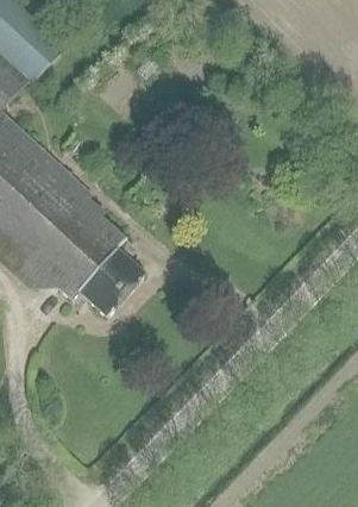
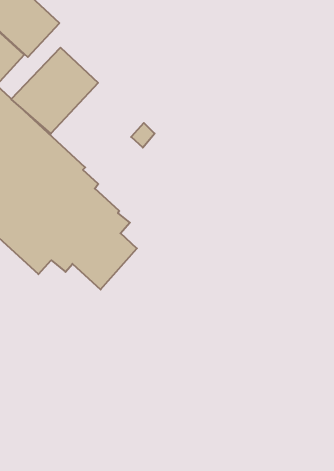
building: none -> [11,48,98,134]

